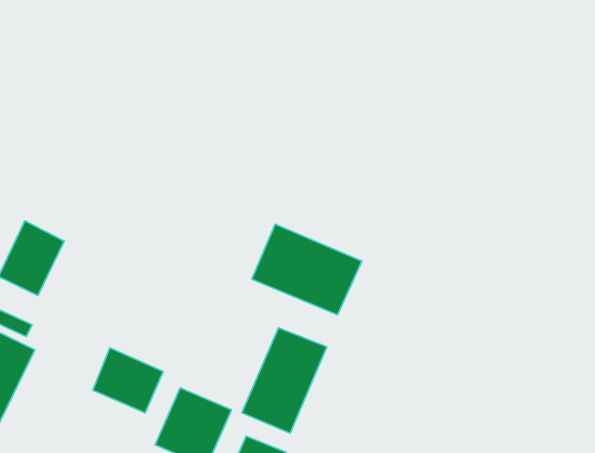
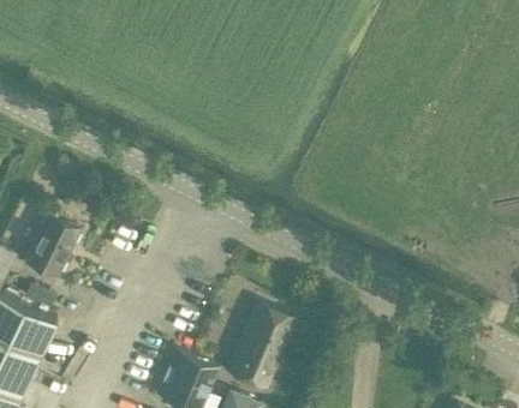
building: [252,224,362,315] -> none
building: [93,348,163,413] -> none

